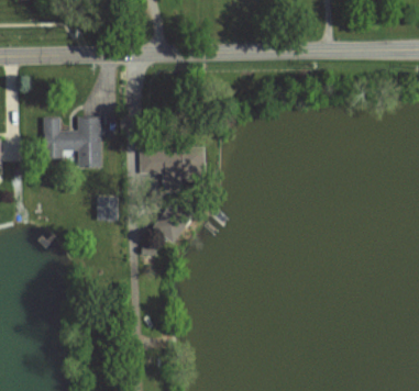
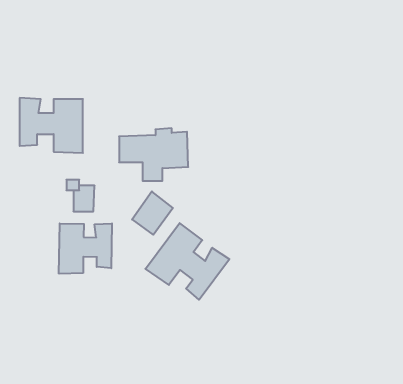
building: none -> [145,223,229,300]
building: none -> [59,223,112,274]

